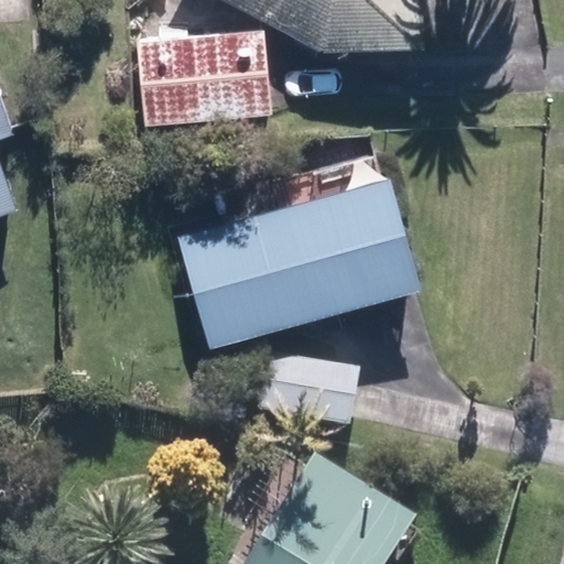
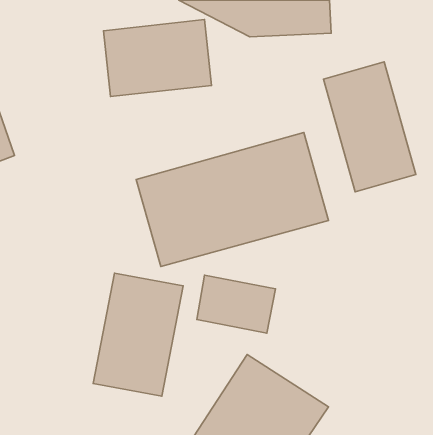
building: none -> [324,62,416,192]
building: none -> [93,273,183,396]

